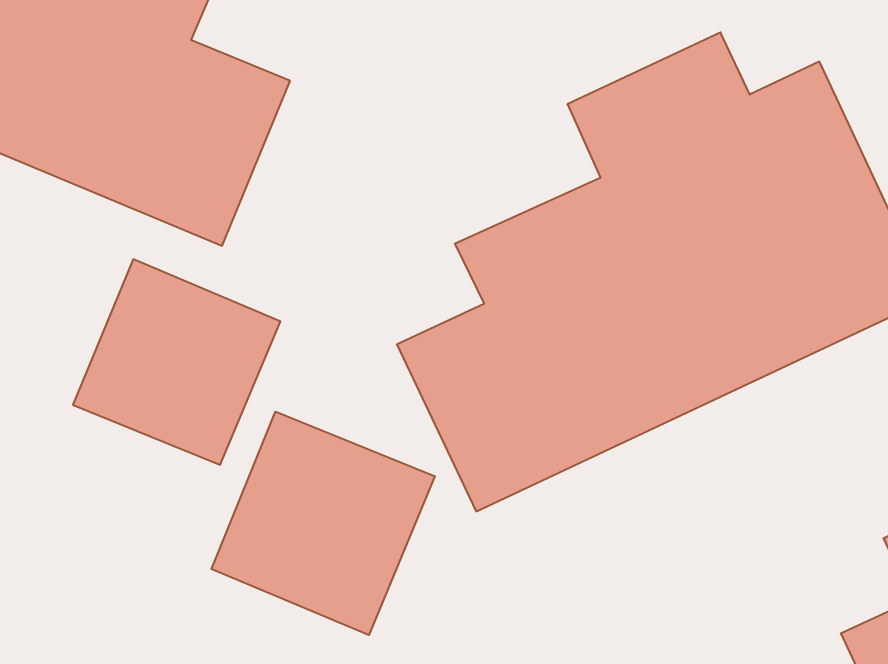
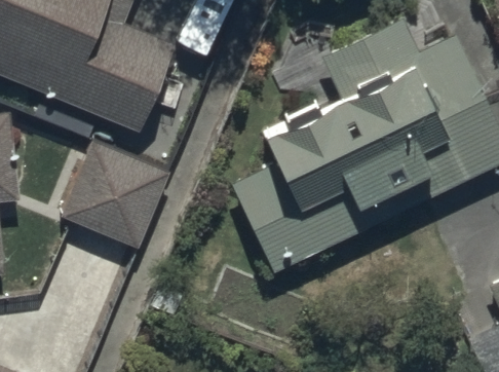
building: [211,412,435,635] -> none

